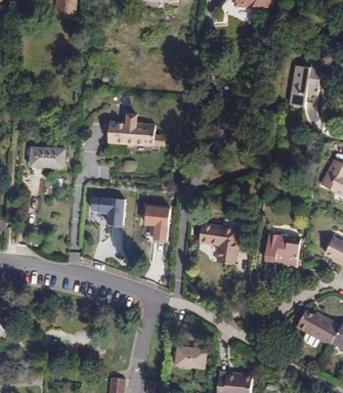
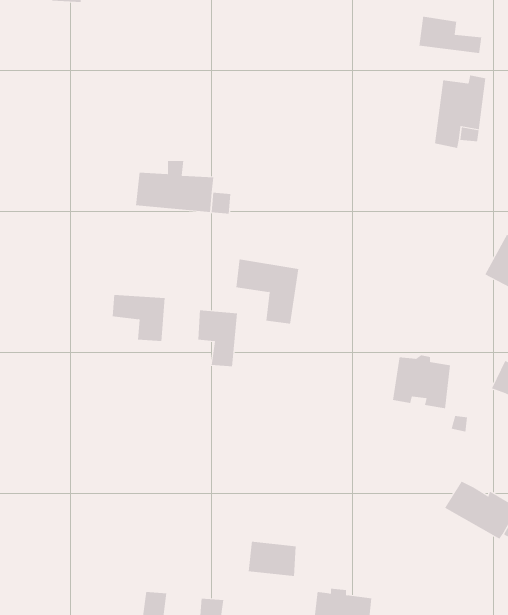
building: none -> [419,16,482,54]
building: [30,147,63,168] -> none
building: [199,224,238,264] -> [235,259,299,324]

